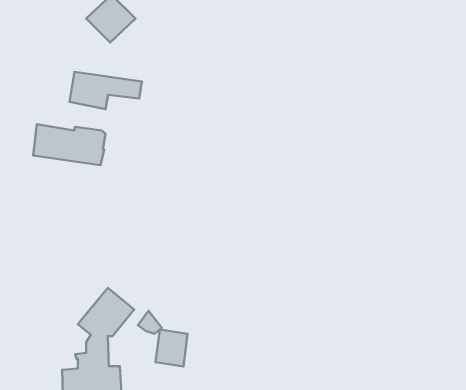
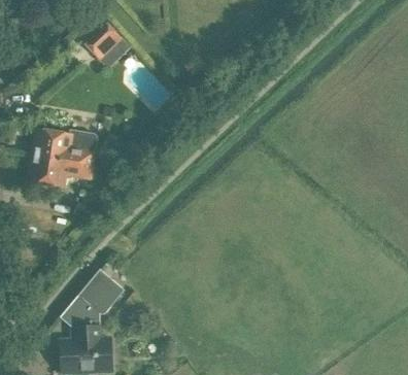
building: [70,72,142,109] -> [32,157,94,189]
building: [156,329,188,367] -> none

